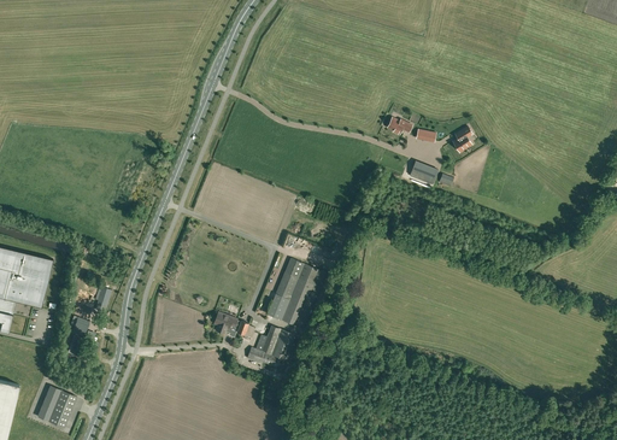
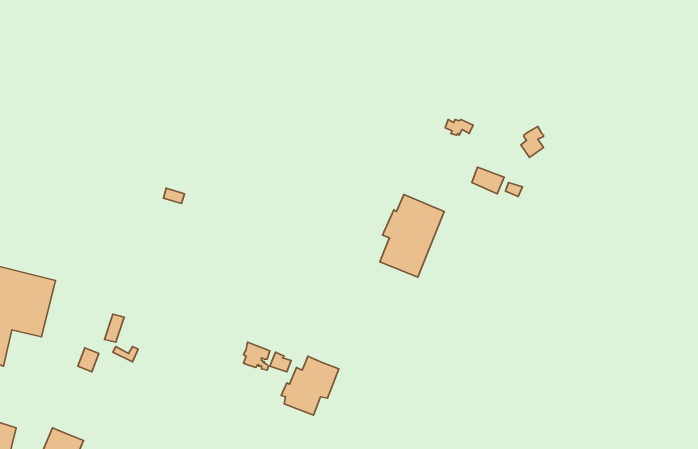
building: [268,257,323,328] -> [380,195,444,277]

